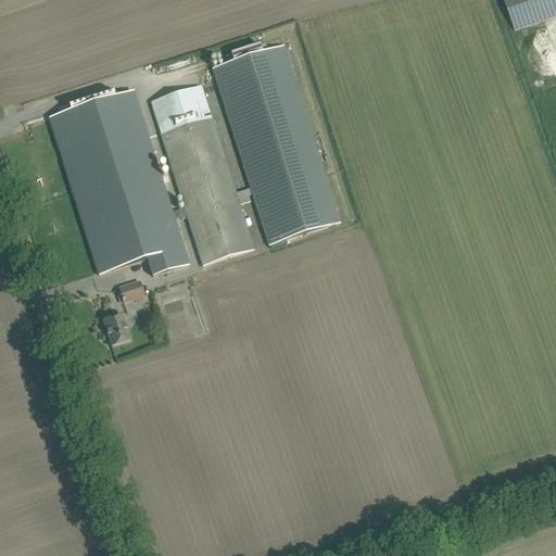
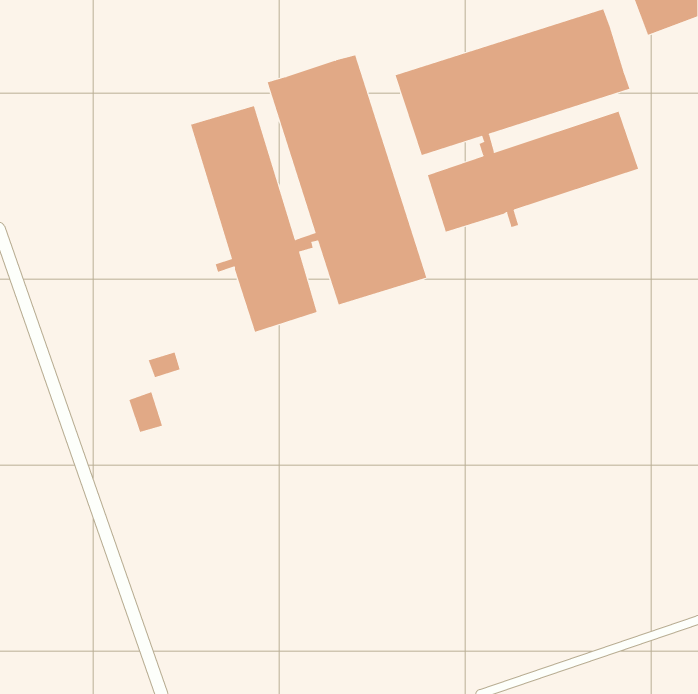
building: none -> [395,8,639,233]
building: [48,86,187,274] -> none

